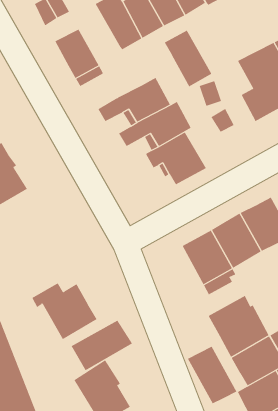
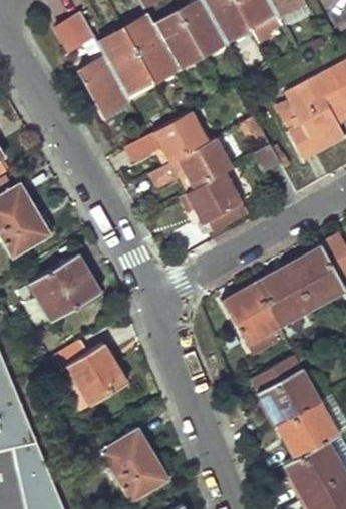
building: [164,30,212,87] -> [97,28,151,92]
building: none -> [28,252,101,320]
building: [71,320,133,371] -> none
building: [187,346,237,404] -> none

